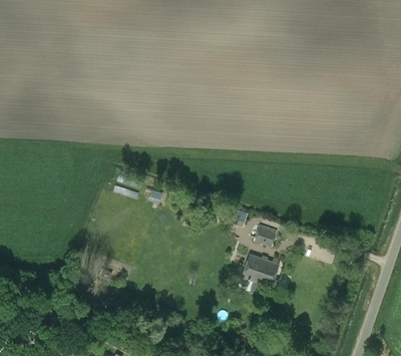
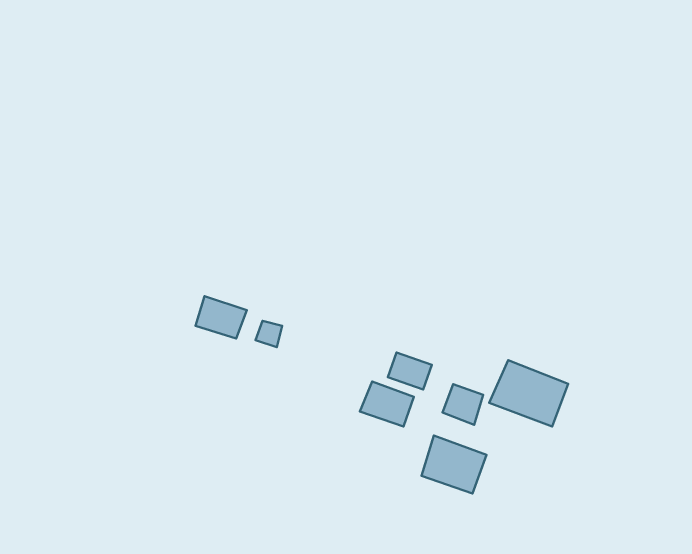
building: none -> [489,360,568,426]
building: none -> [360,382,414,426]

